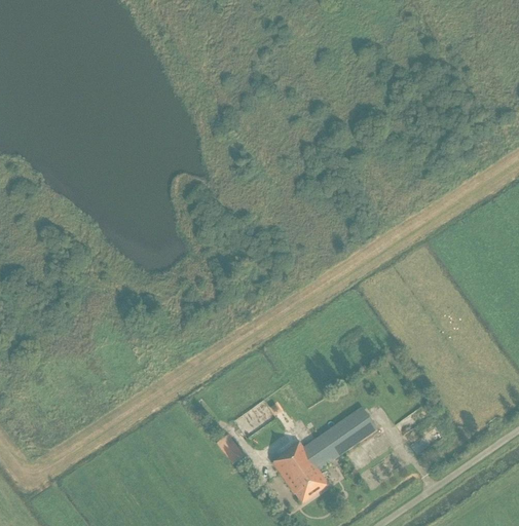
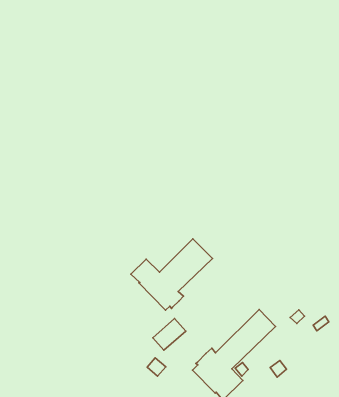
building: none -> [131,239,212,310]

